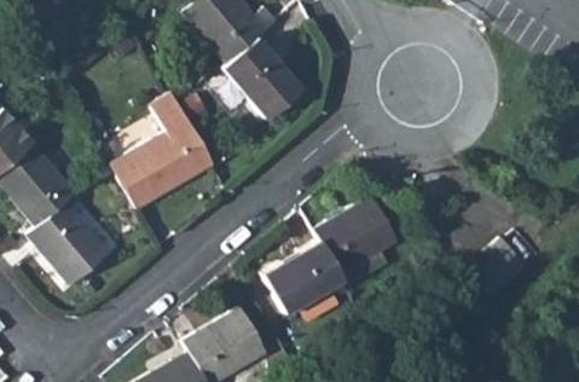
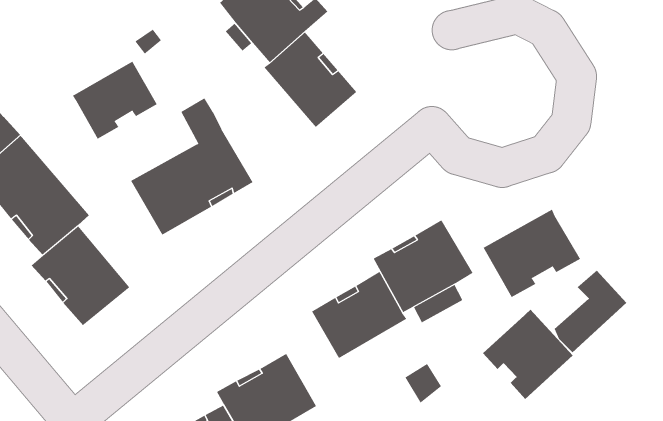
building: none -> [72,61,158,139]
building: none -> [483,209,581,298]
building: none -> [482,309,574,400]

